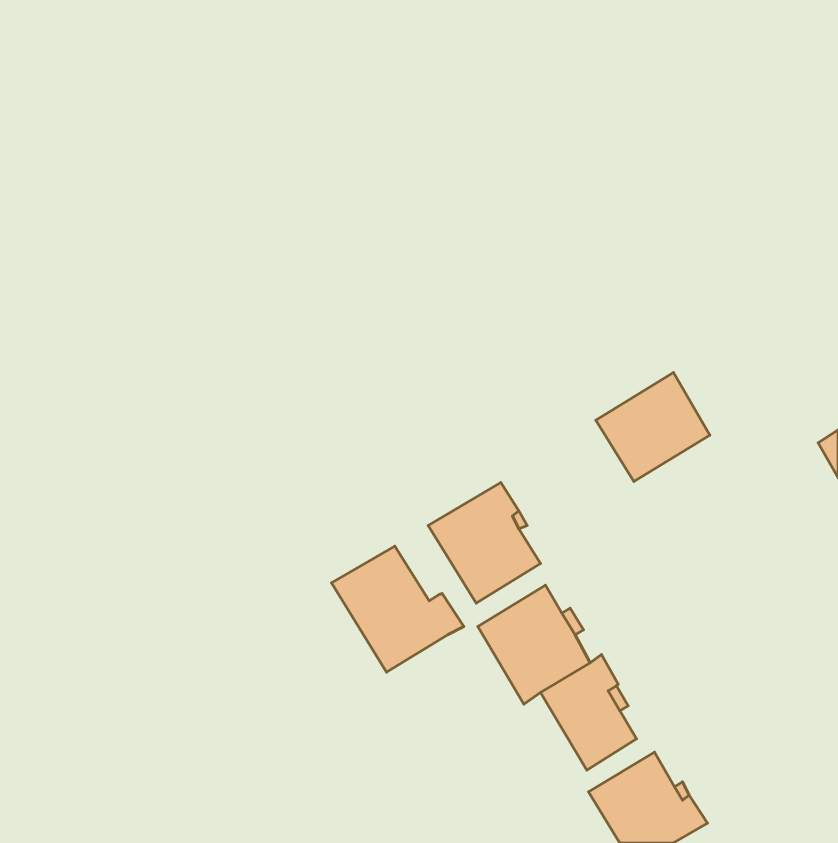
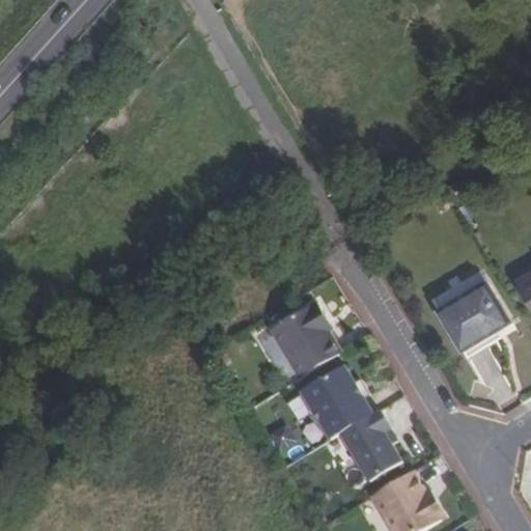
building: [596,372,710,481] -> [435,279,506,347]
building: [332,546,464,672] -> none

